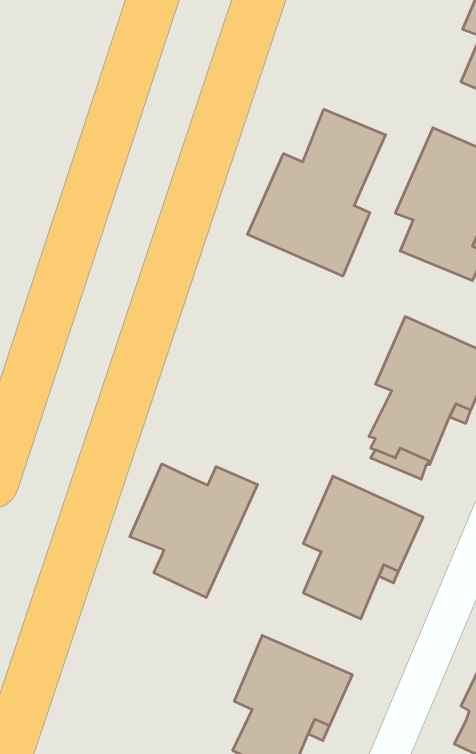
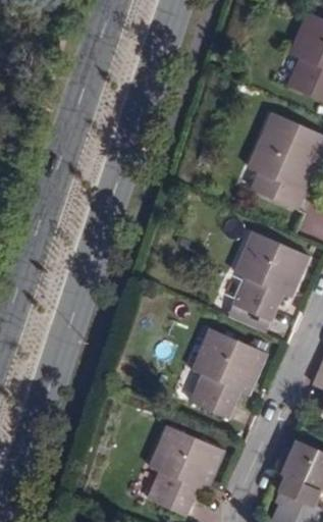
building: [247,109,386,276] -> none
building: [130,464,257,598] -> none

